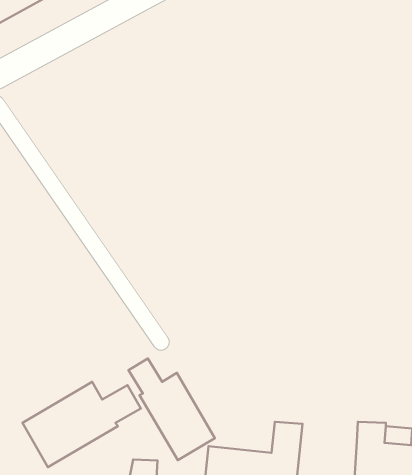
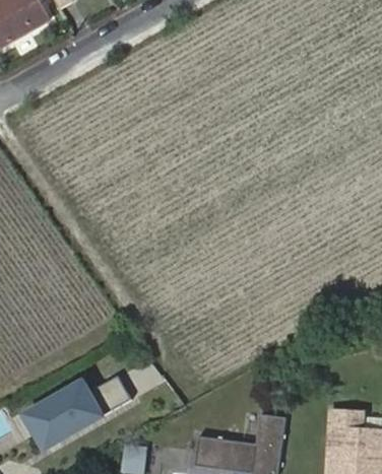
building: [128,358,215,460] -> none

